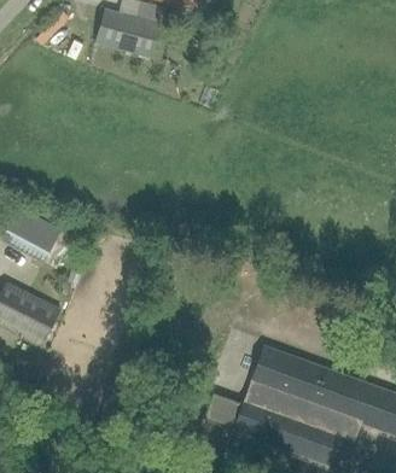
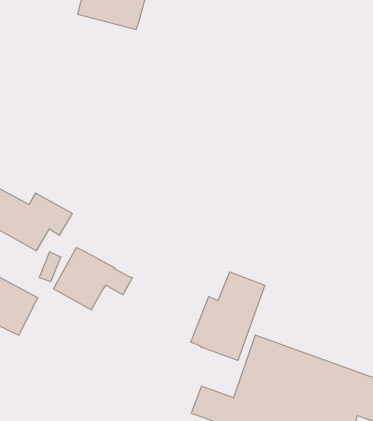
building: none -> [54,247,132,310]
building: none -> [191,272,265,360]

